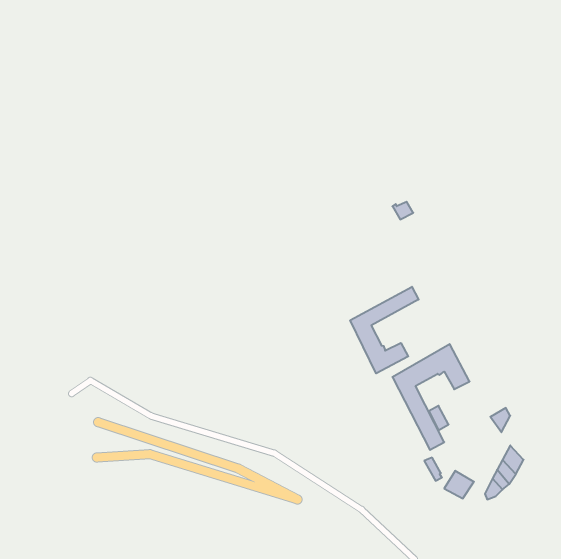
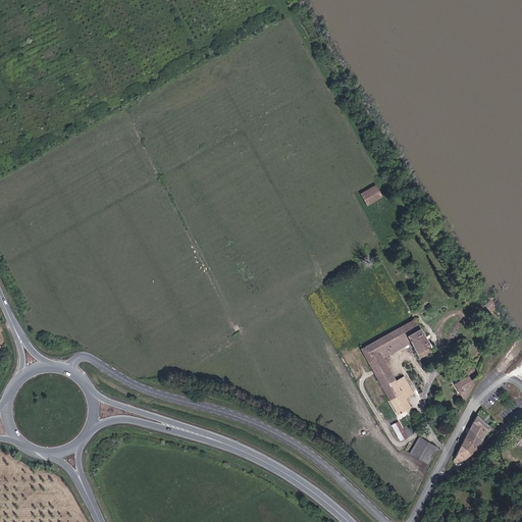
building: [350,287,419,373] -> none

